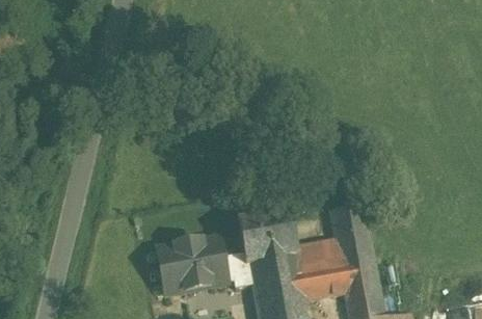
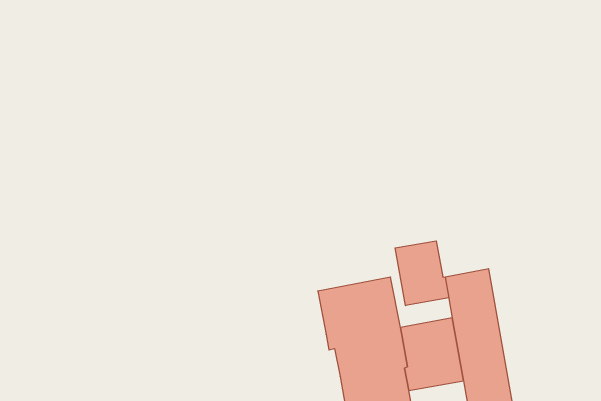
building: none -> [395,241,449,306]
building: [158,238,253,294] -> none

